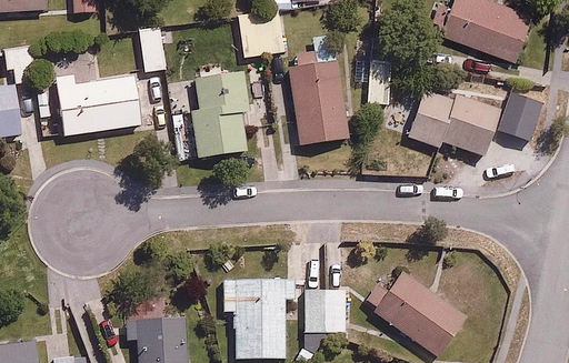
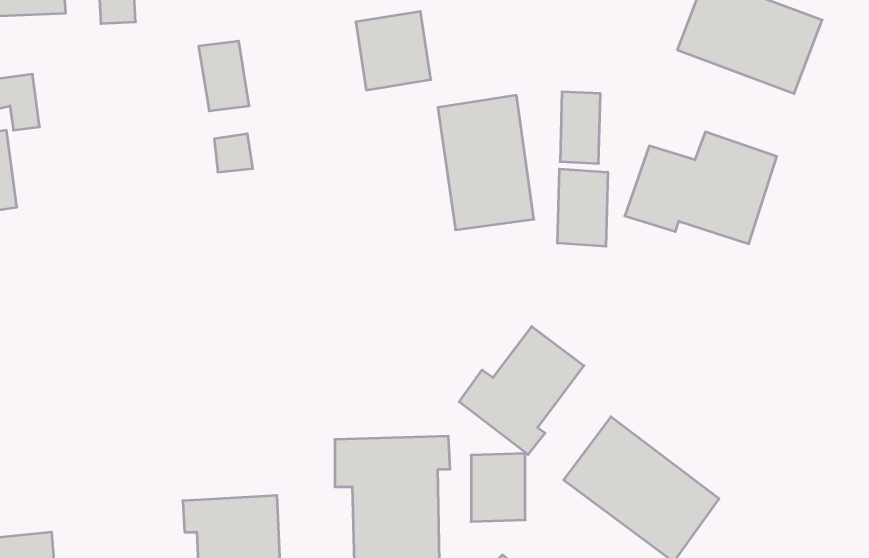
building: [187,63,269,158] -> none
building: [40,74,140,135] -> none
building: [500,95,545,141] -> none
building: none -> [558,169,608,246]
building: none -> [459,326,584,455]

